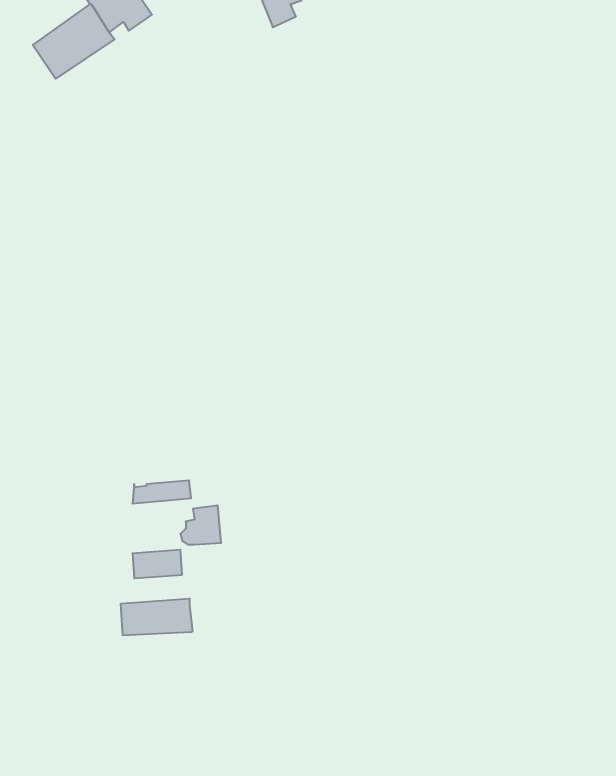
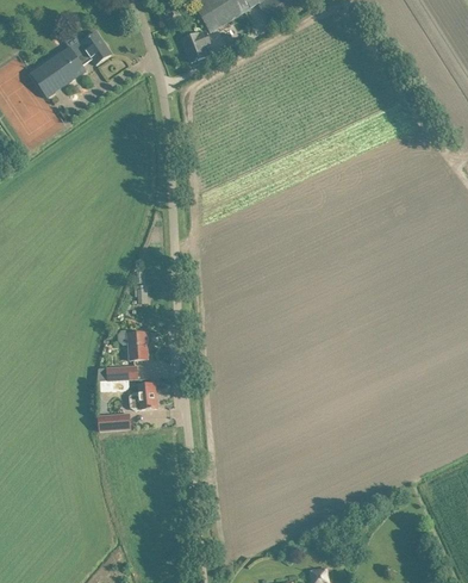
building: none -> [118,329,148,359]
building: [121,598,192,635] -> none

